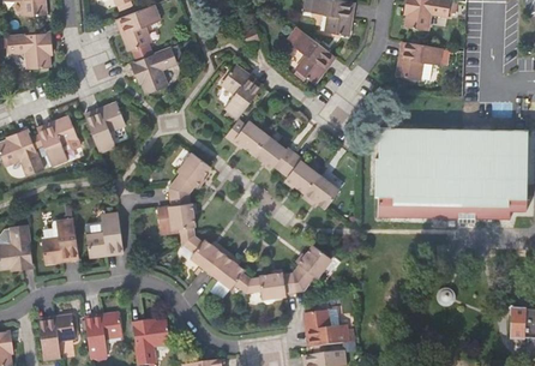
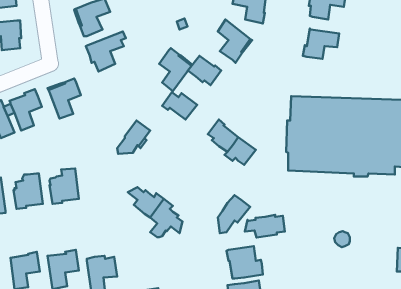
building: [253,134,294,170] -> [188,56,221,85]
building: [168,193,194,241] -> none
building: [246,271,295,299] -> [245,215,285,237]

